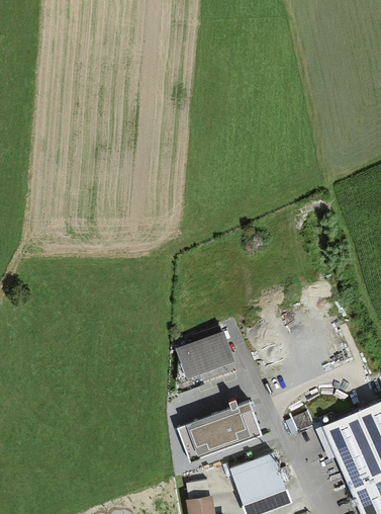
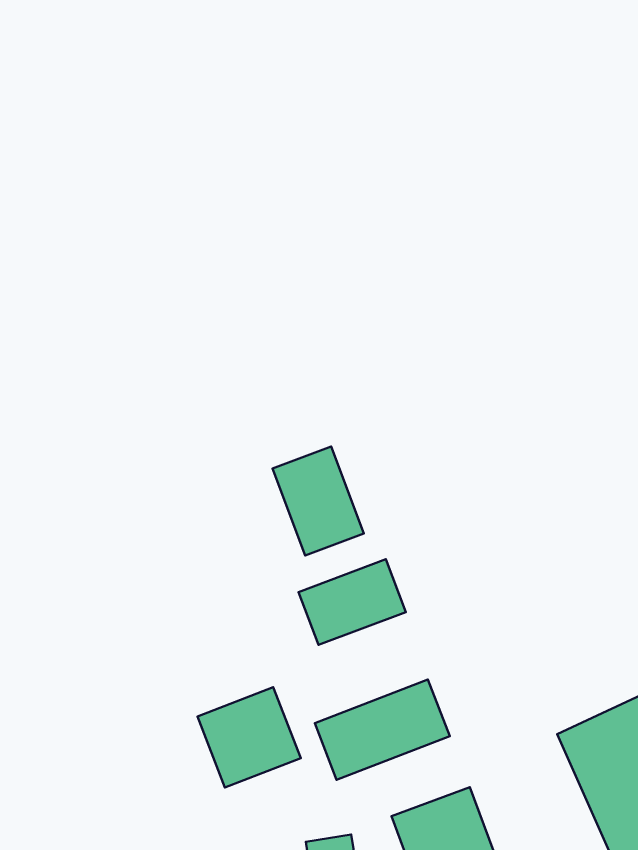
building: none -> [273,446,364,556]
building: none -> [197,687,301,787]

